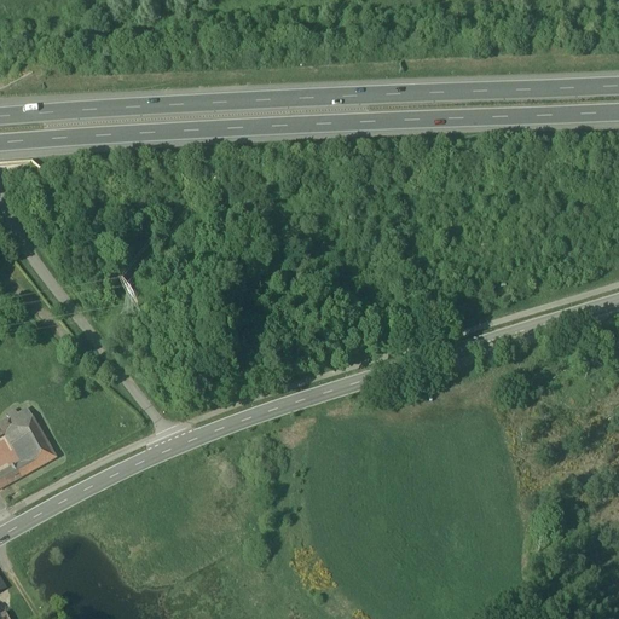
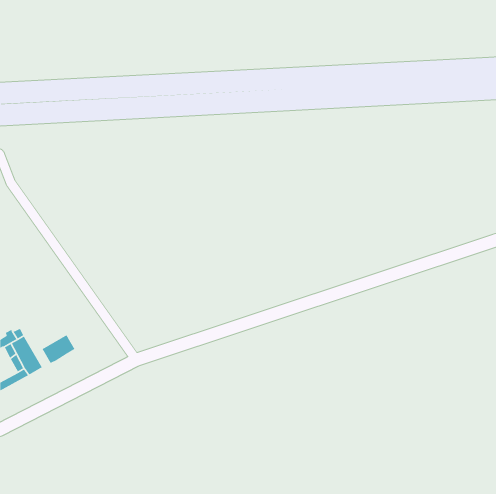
building: none -> [41,334,75,364]

